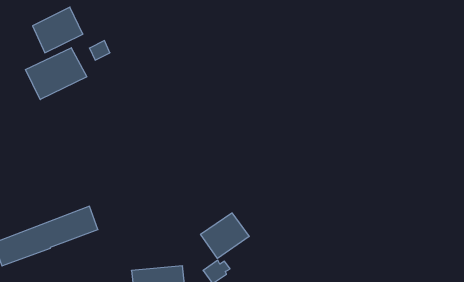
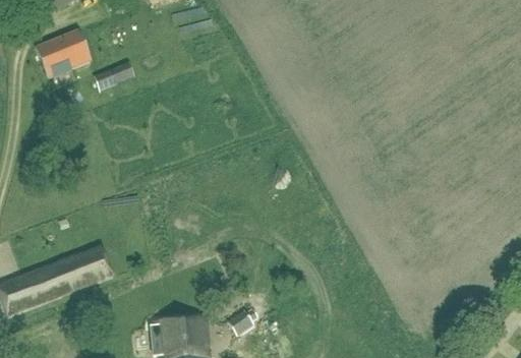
building: [26,48,87,100] -> none
building: [201,213,249,258] -> none

